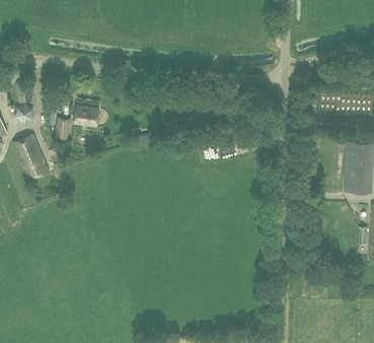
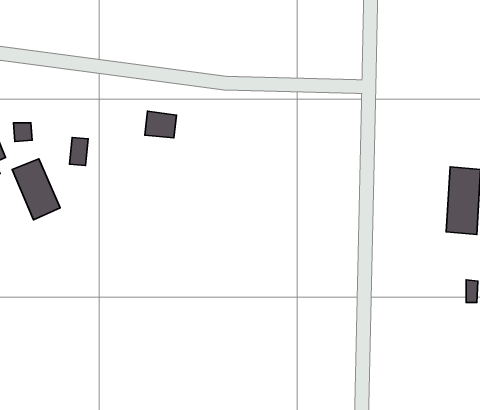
building: [74,106,98,126] -> [145,111,177,138]

